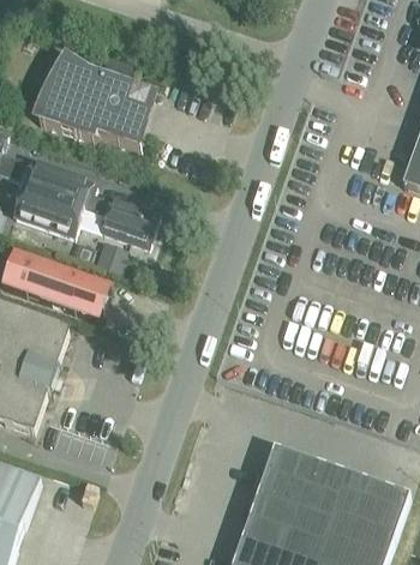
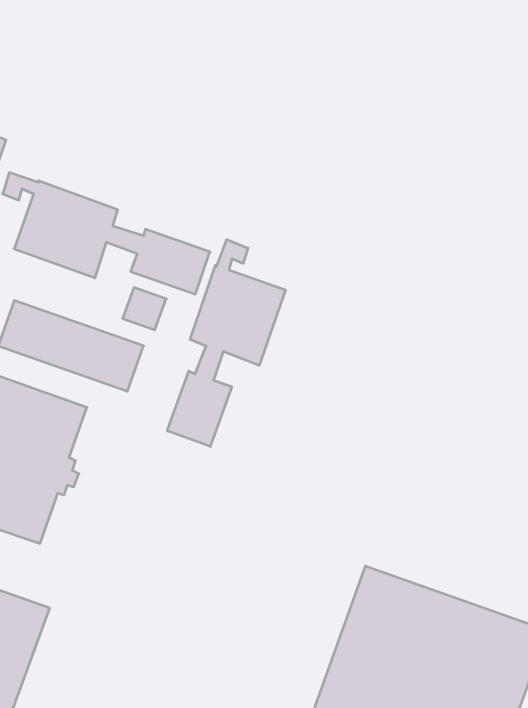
building: [38,50,152,148] -> none
building: none -> [167,240,285,447]

